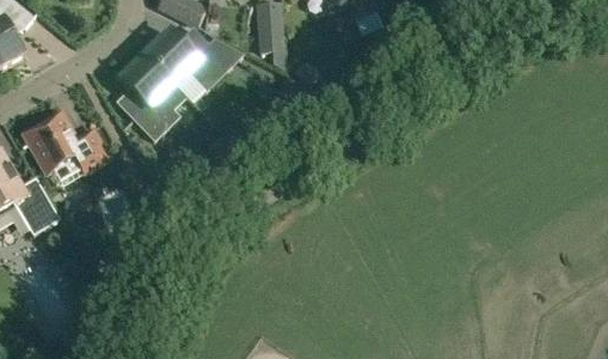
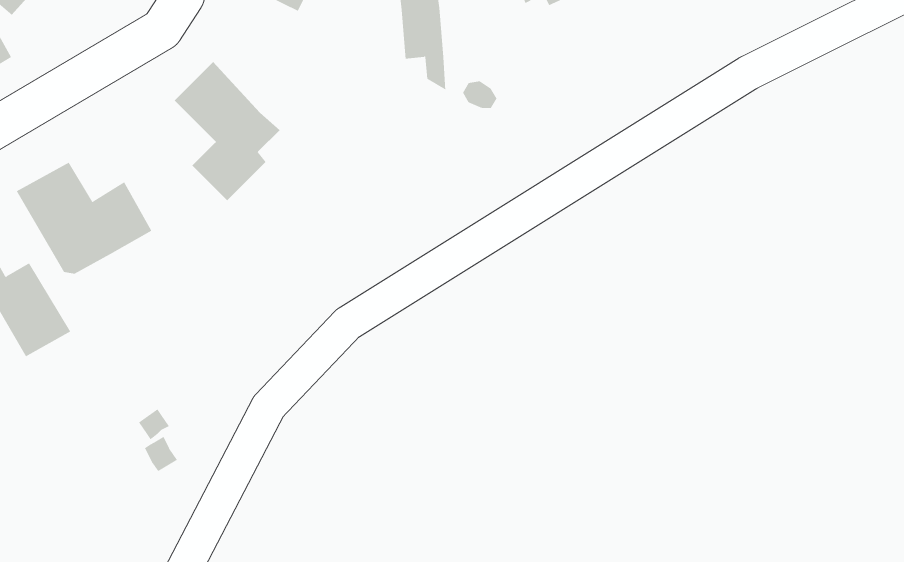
building: [146,31,244,89] -> none

